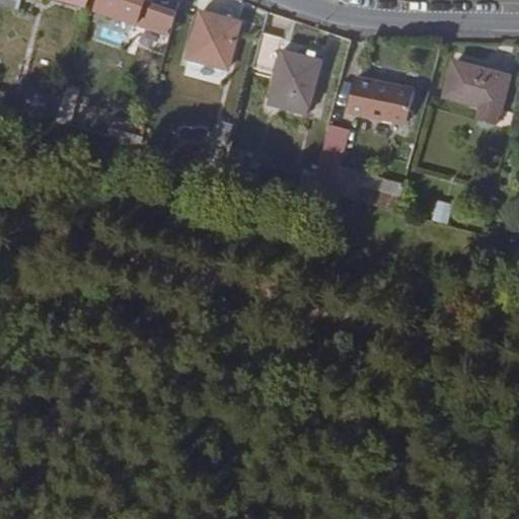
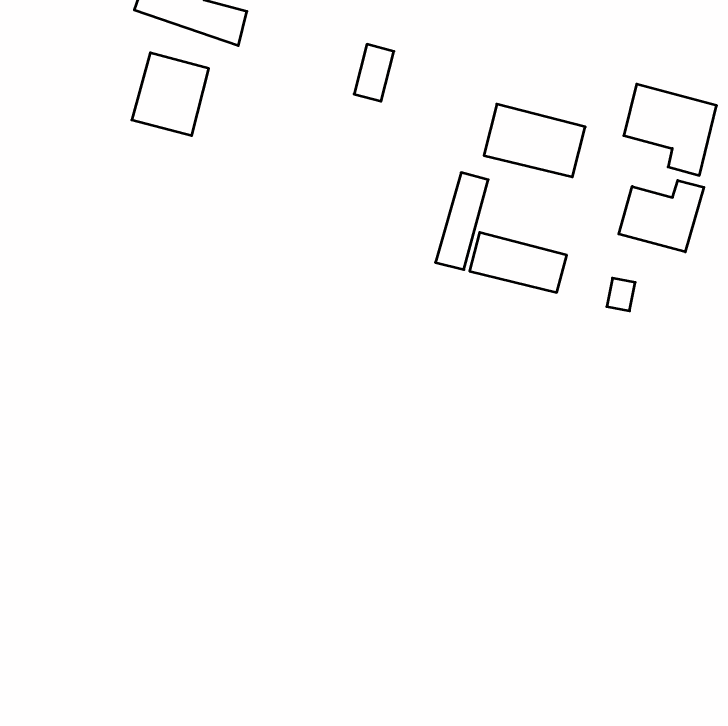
building: [186,10,240,69] -> [132,53,209,136]
building: [268,49,320,106] -> none
building: none -> [619,180,704,252]

